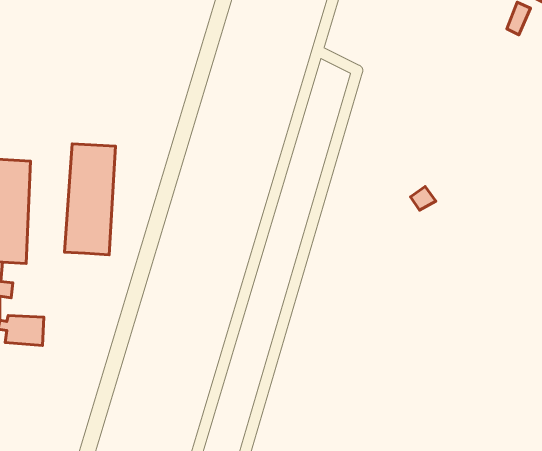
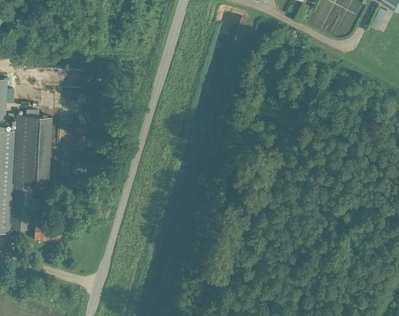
building: [65,144,115,255] -> none

